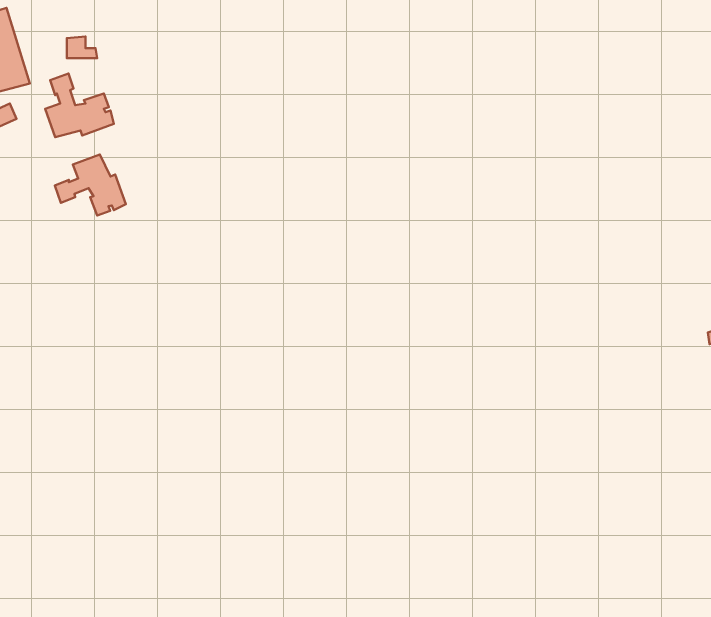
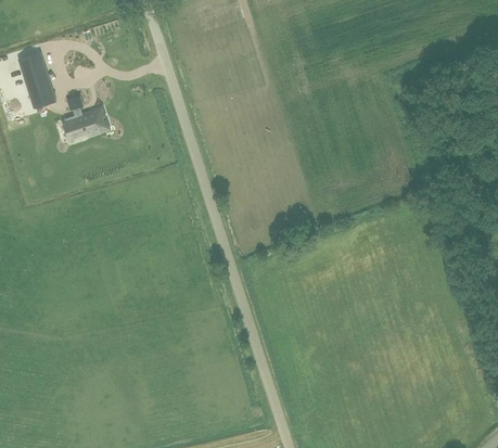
building: [55,154,126,216] -> none

